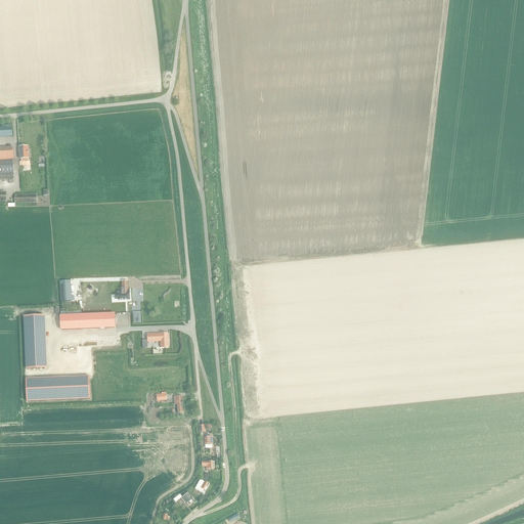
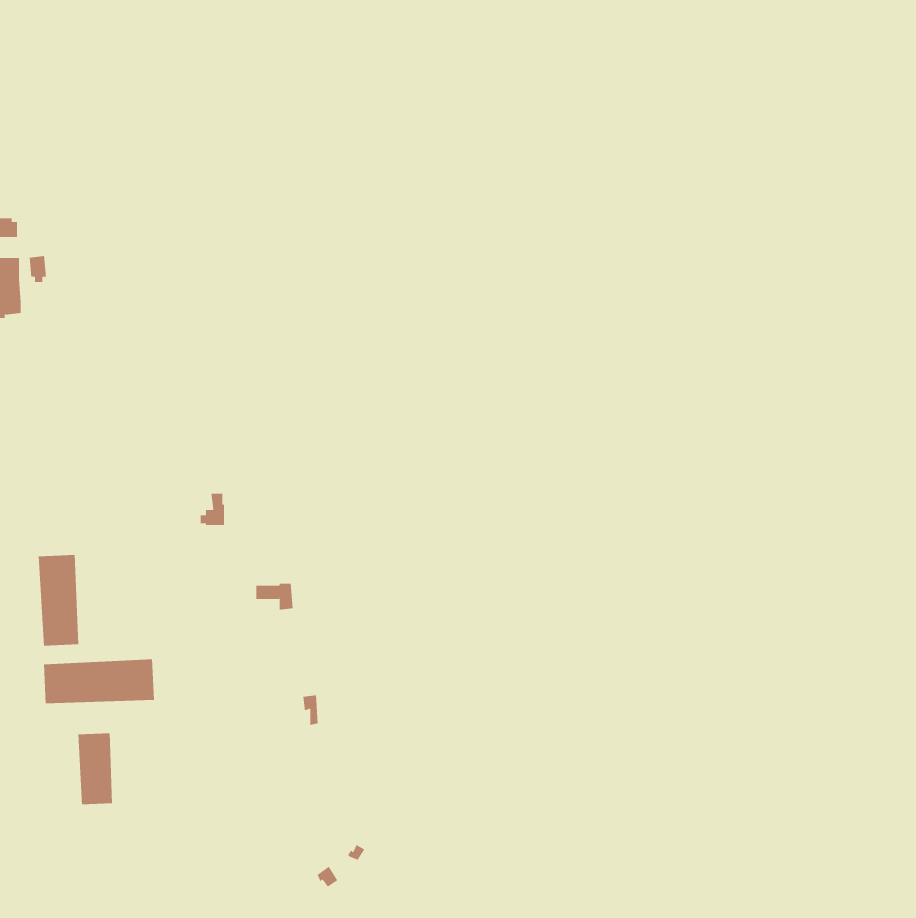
building: [58,310,113,330] -> none
building: none -> [78,732,112,805]

